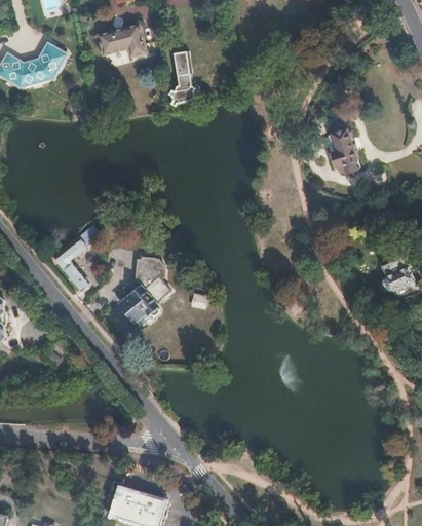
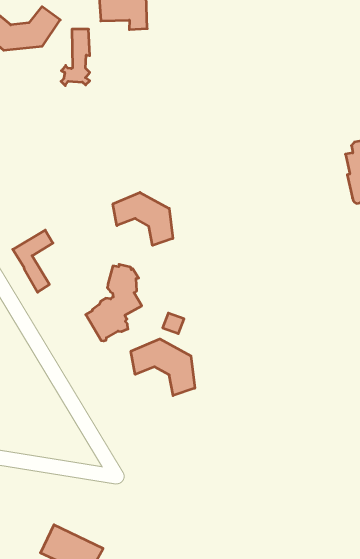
building: [167,51,193,103] -> [61,29,90,86]
building: none -> [113,192,173,245]
building: none -> [131,339,195,396]

